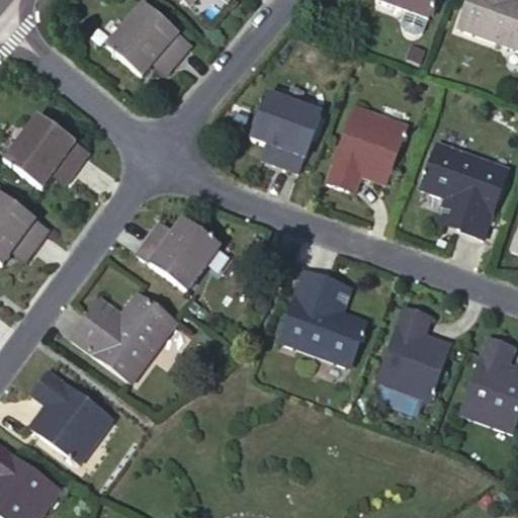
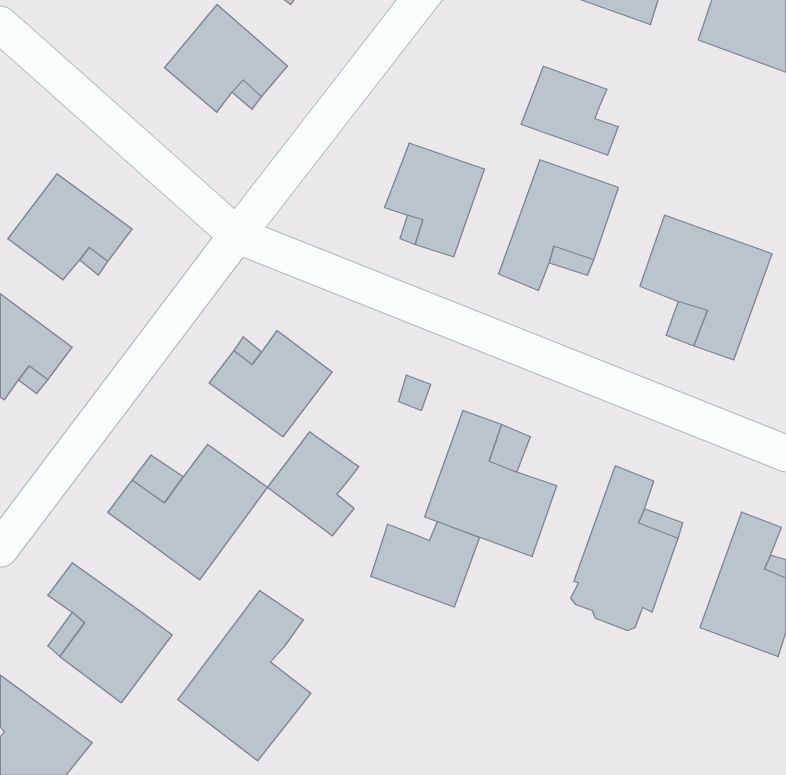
building: none -> [521,66,618,155]
building: none -> [268,432,359,536]
building: none -> [371,521,479,607]
building: none -> [178,590,311,761]

